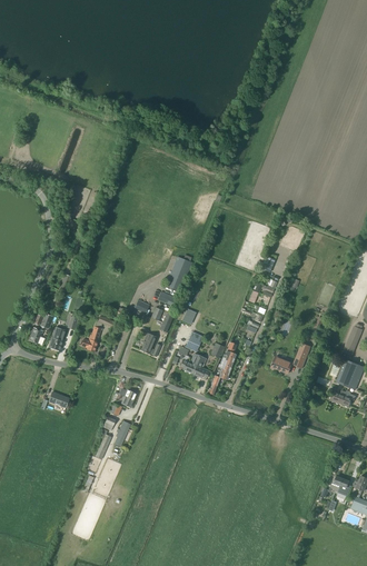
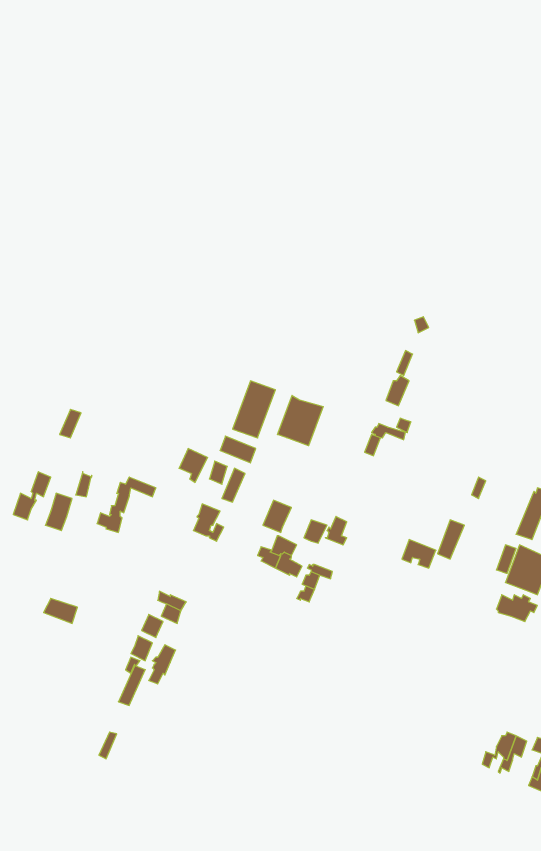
building: none -> [278,395,323,446]

